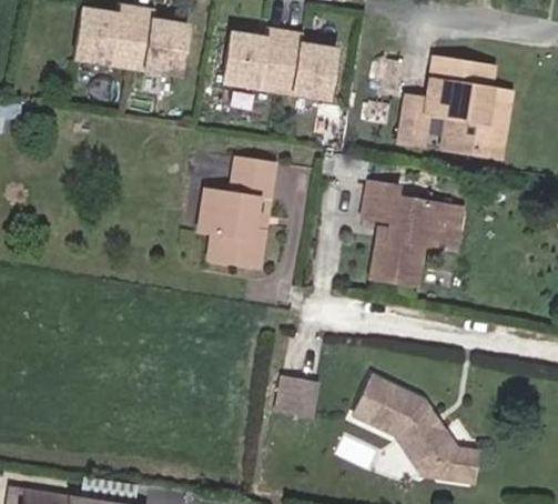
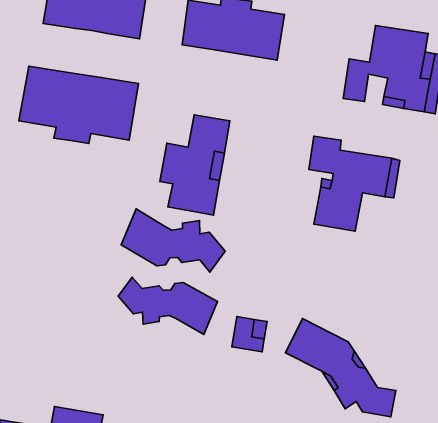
building: none -> [19,66,138,144]
building: none -> [121,209,225,272]
building: none -> [118,277,218,334]

